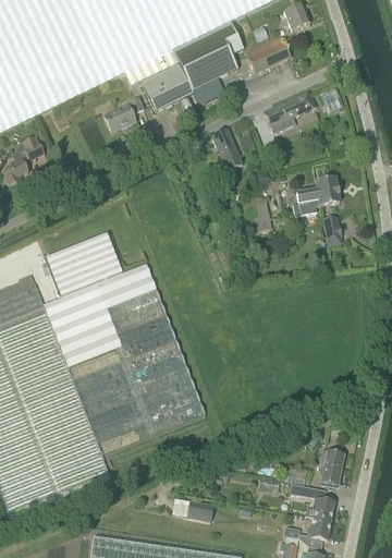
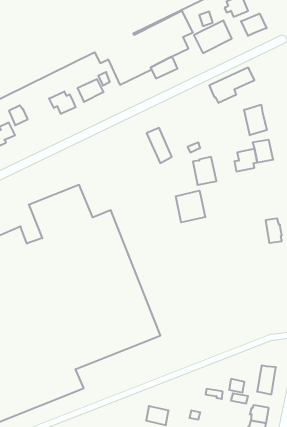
building: none -> [241,14,267,36]
building: none -> [49,91,76,114]
building: [211,128,242,170] -> [147,128,172,163]
building: none -> [244,105,267,135]
building: [322,215,342,244] -> [266,218,282,243]
building: none -> [176,191,205,222]

